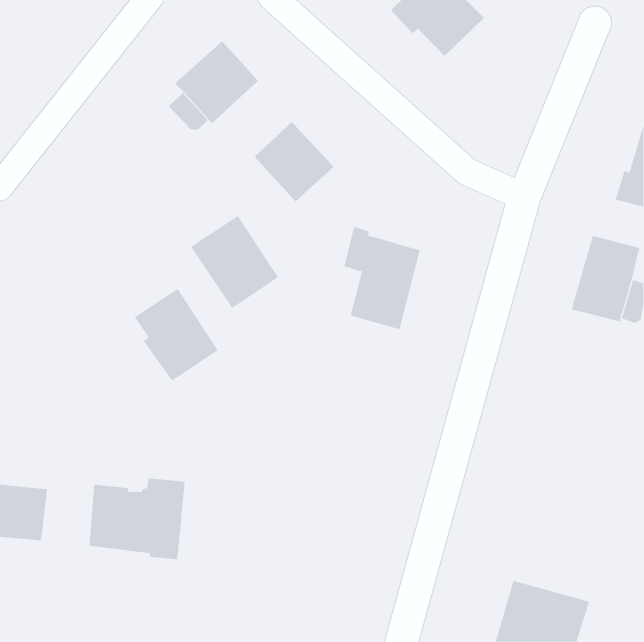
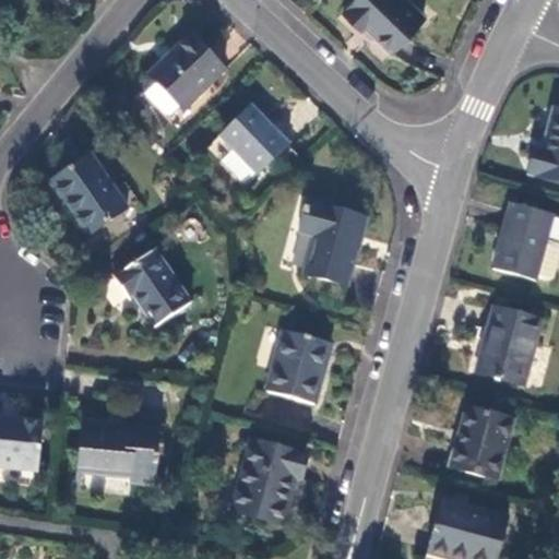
building: [190,215,279,309] -> [49,154,126,235]
building: none -> [477,307,543,385]
building: none -> [267,330,331,402]
building: none -> [451,409,514,480]
building: none -> [230,441,305,524]

